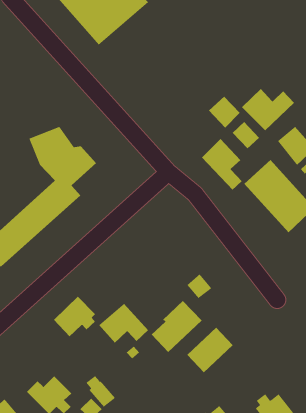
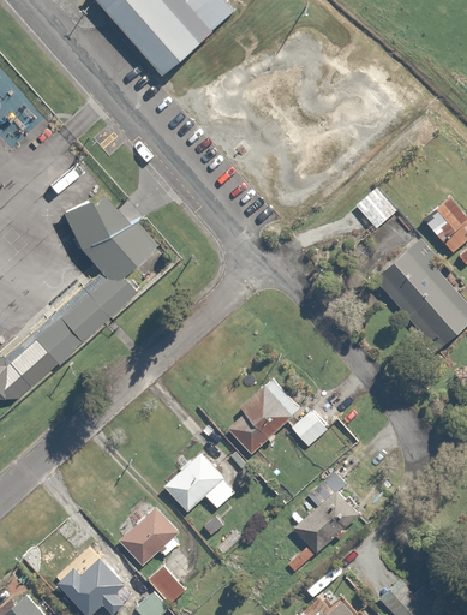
building: [241,88,295,131] -> none
building: [208,96,240,129] -> none
building: [201,138,243,190] -> none
building: [53,296,96,337] -> [116,504,179,565]
building: [151,300,203,353] -> [224,376,300,453]

